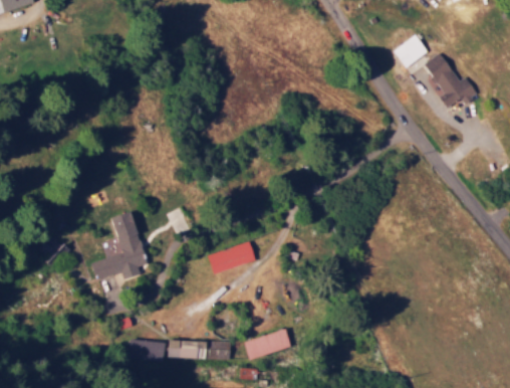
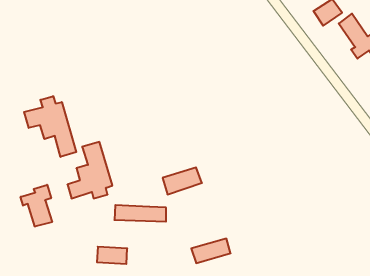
building: none -> [24,96,76,157]
building: none -> [21,185,52,227]
building: [167,340,230,360] -> [114,205,166,222]

